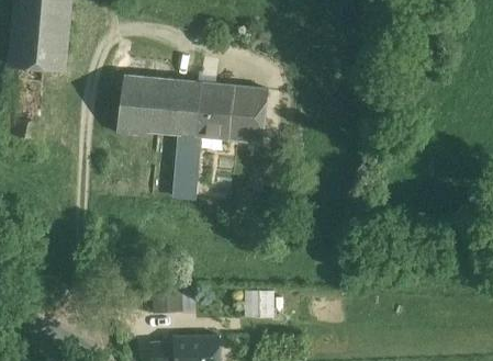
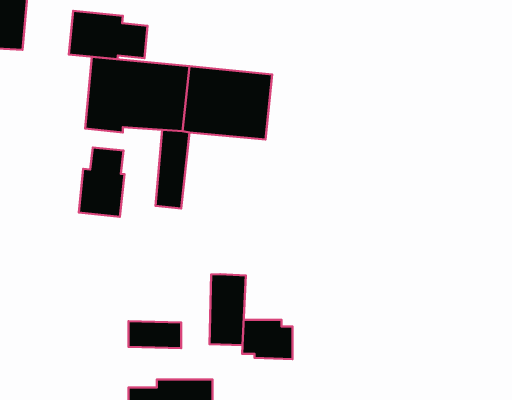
building: none -> [69,11,148,59]
building: none -> [79,147,124,217]
building: none -> [210,274,246,345]

